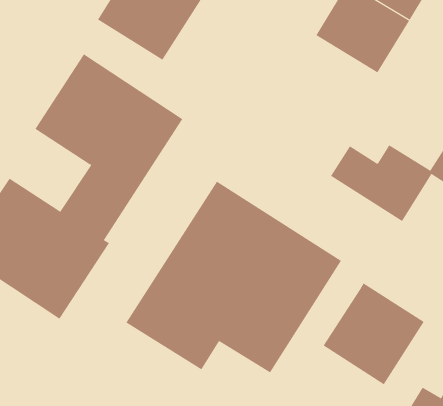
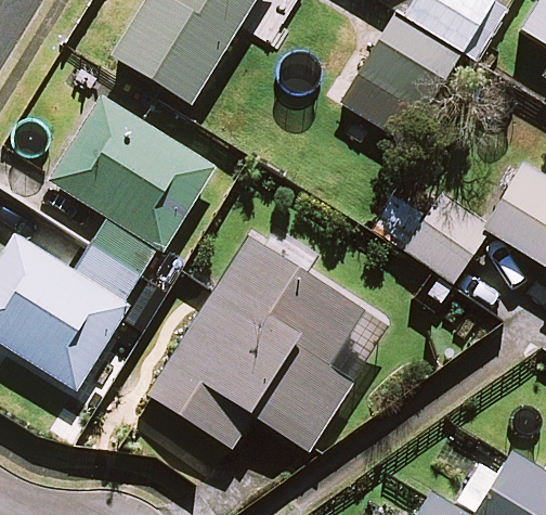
building: [323,282,425,385] -> none

